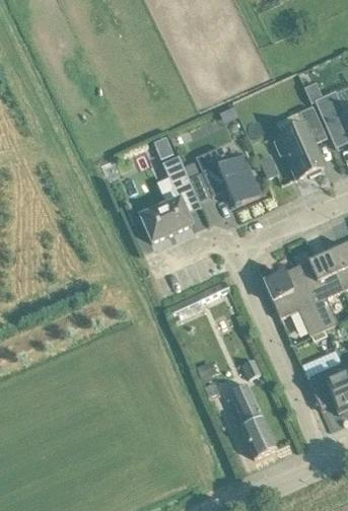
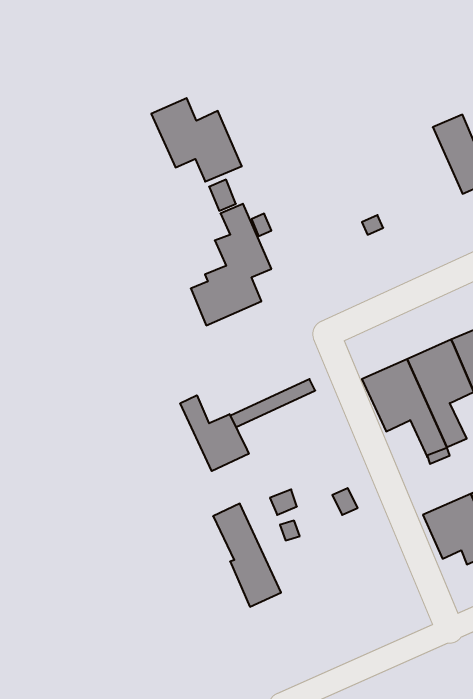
building: [273,105,324,177] -> none
building: [195,145,260,205] -> [151,98,242,182]
building: none -> [180,395,249,471]
building: [227,383,276,457] -> [213,504,281,607]

